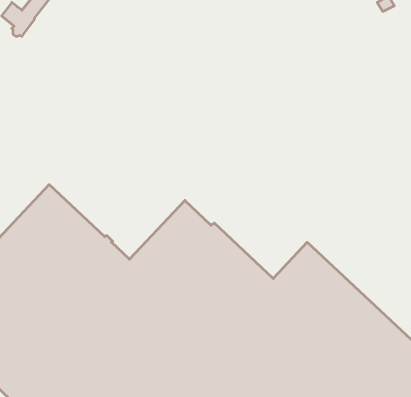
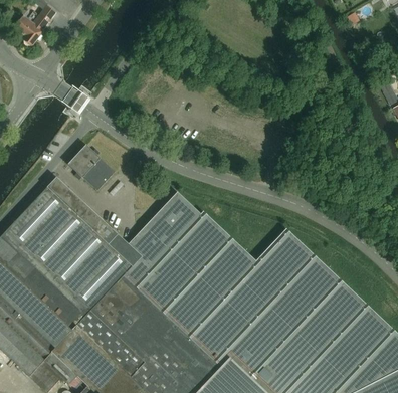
building: none -> [68,145,115,190]

